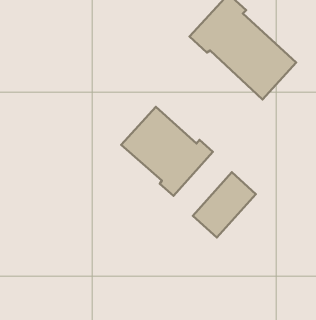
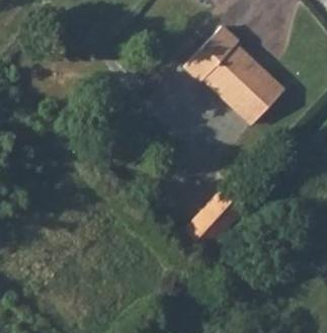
building: [121,107,213,196] -> none

